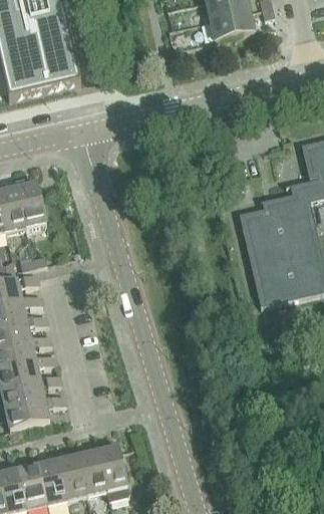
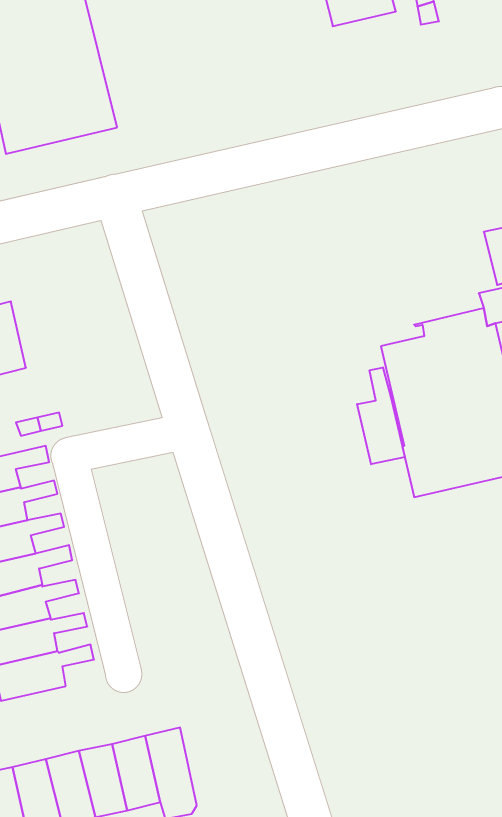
building: [211,10,254,39] -> none
building: [16,181,46,226] -> none
building: none -> [357,367,405,464]

